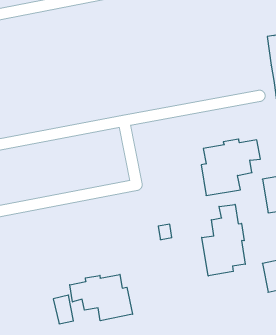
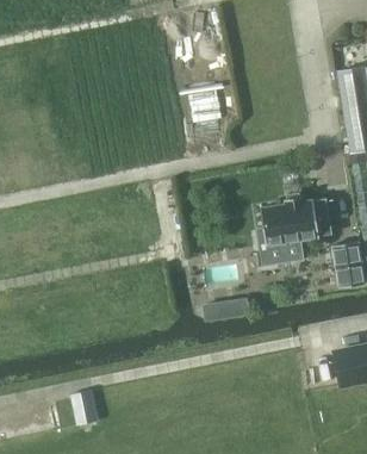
building: [202,204,245,276] -> none
building: [70,274,133,321] -> none

